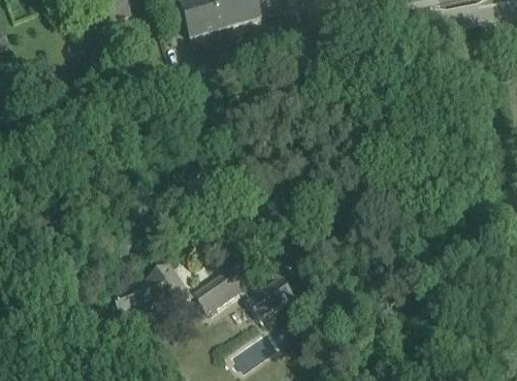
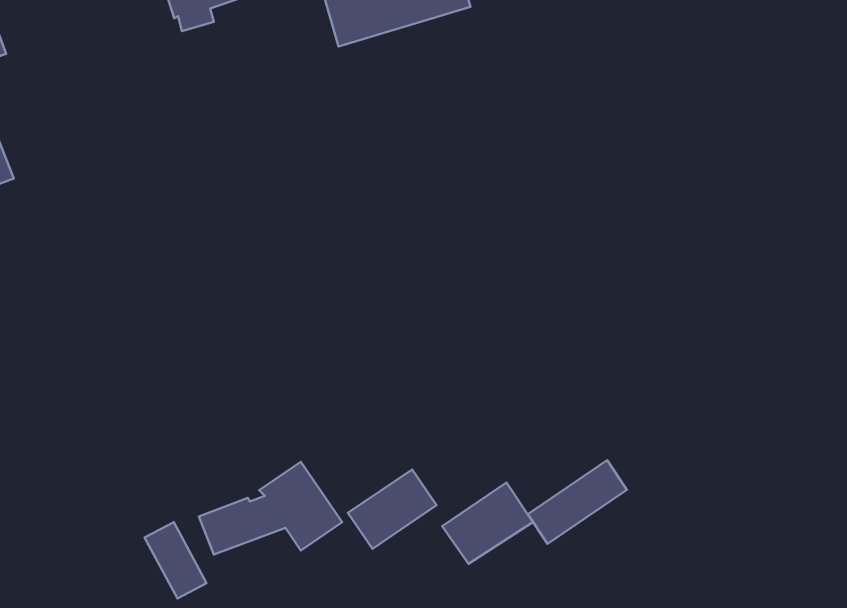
building: none -> [528,460,627,544]
building: none -> [145,522,207,599]

